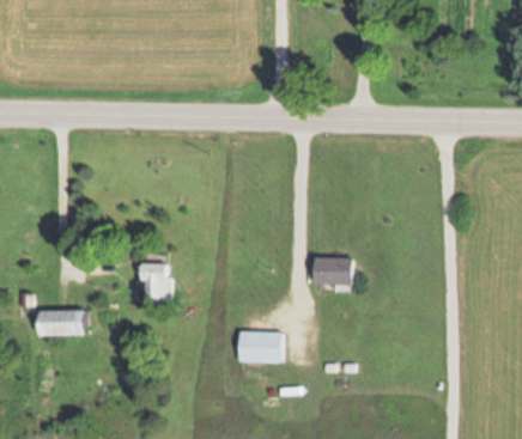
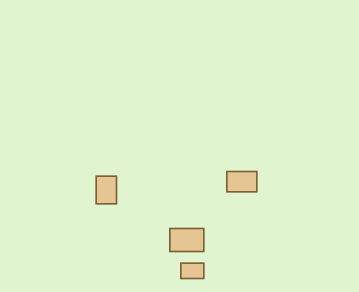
building: [37,309,86,334] -> none
building: none -> [181,263,204,279]

